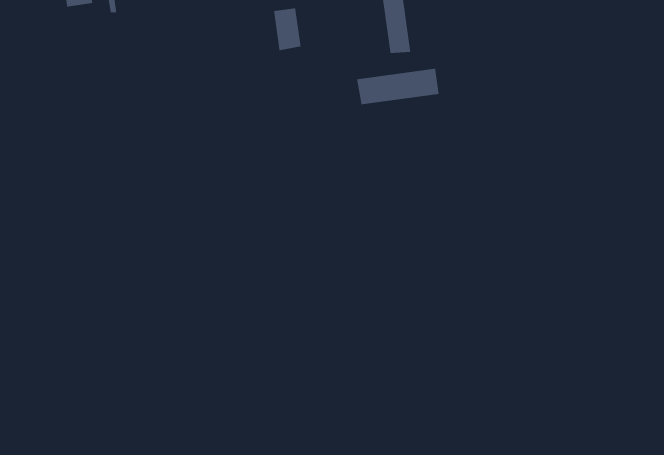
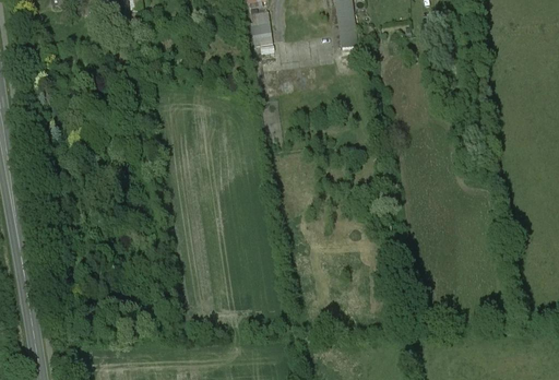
building: [356,68,439,105] -> none

